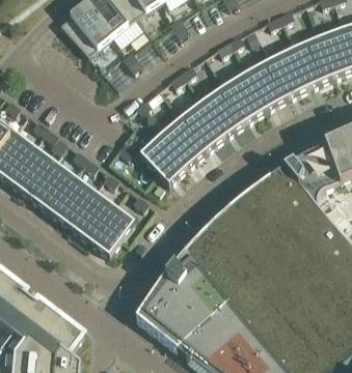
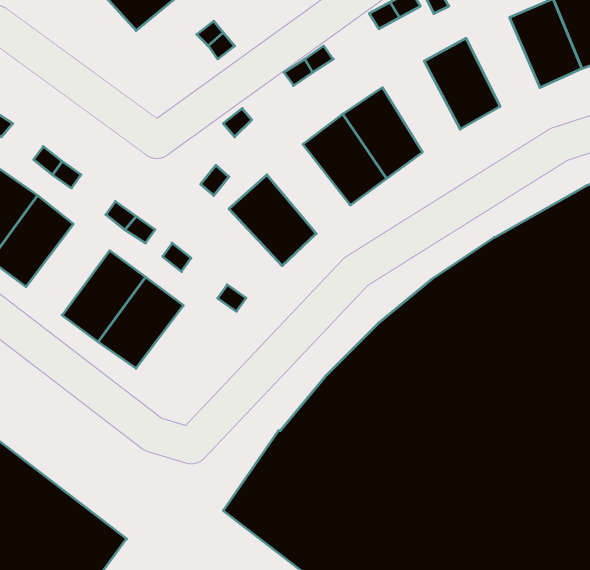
building: [269,47,309,95] -> none
building: [223,70,266,120] -> none
building: [160,116,206,165] -> none
building: [28,160,74,209] -> none
building: [88,204,135,254] -> none

